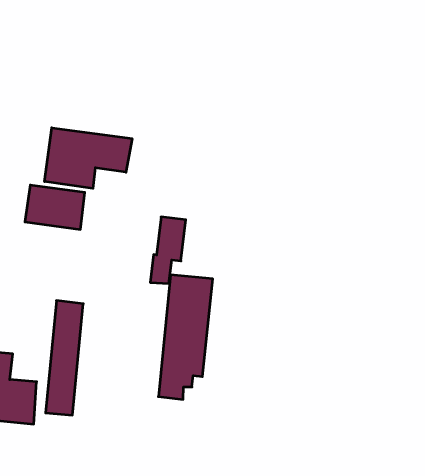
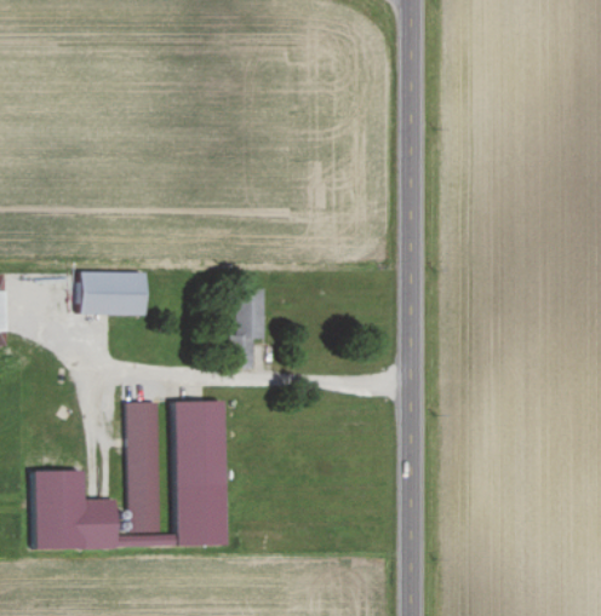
building: [45,128,132,188] -> none
building: [158,275,213,399] -> [174,401,225,545]

